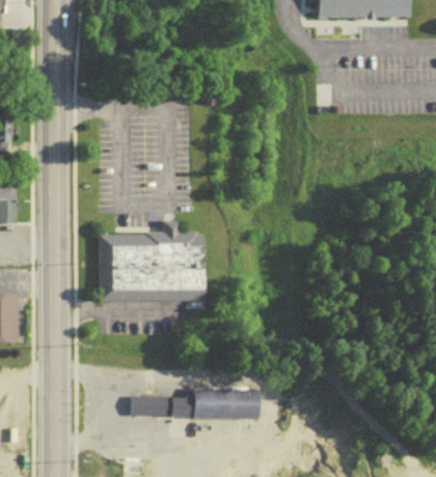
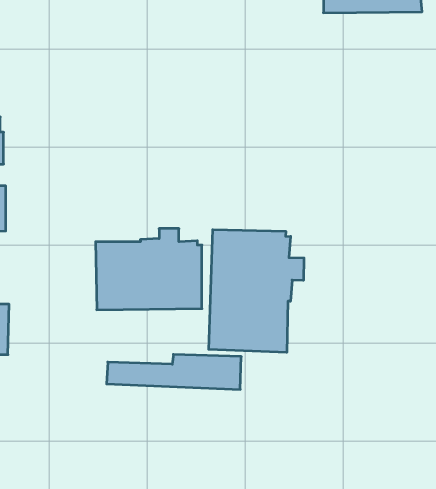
building: none -> [209,230,304,352]
building: [127,388,254,421] -> [107,354,241,389]

